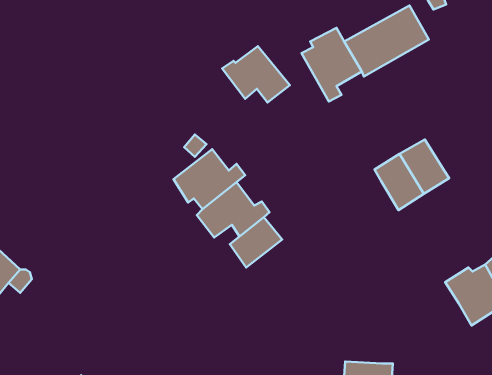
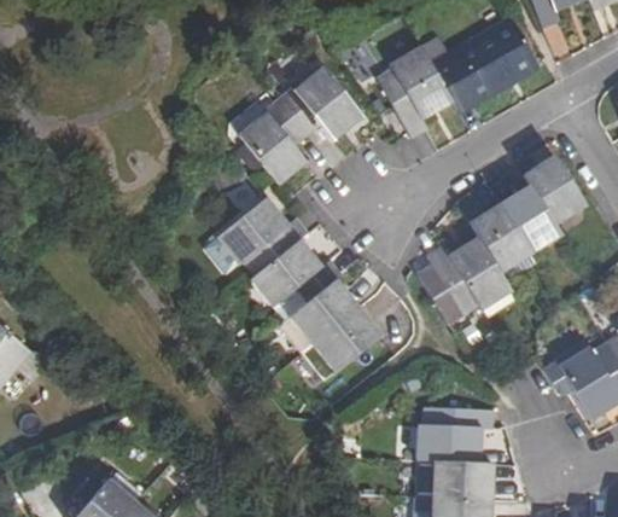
building: none -> [239,97,308,185]
building: none -> [524,155,585,223]
building: none -> [425,237,509,313]
building: none -> [309,309,377,373]
building: none -> [415,407,492,464]

